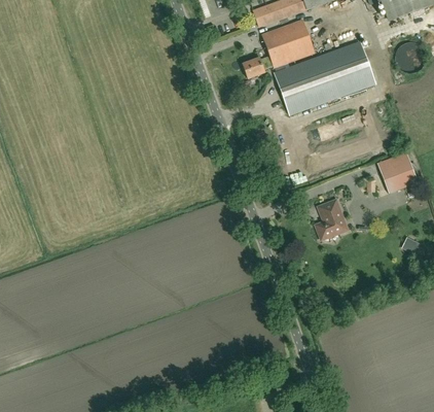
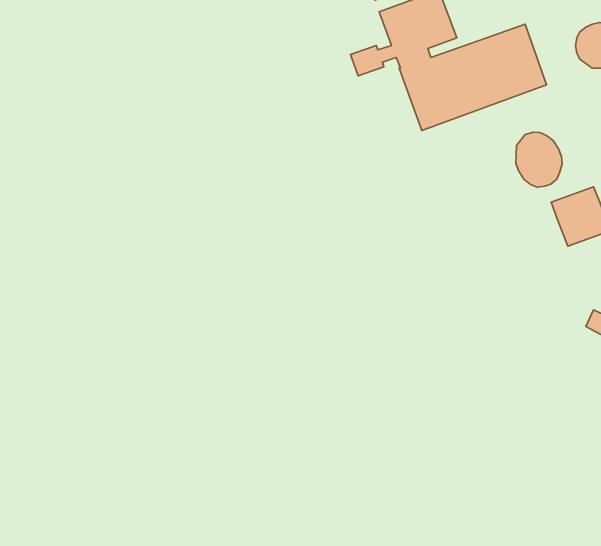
building: none -> [516,132,562,187]
building: [316,200,347,239] -> none

